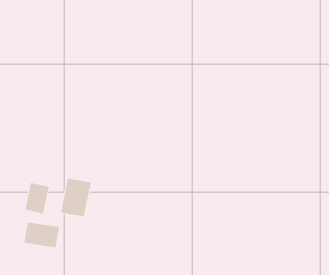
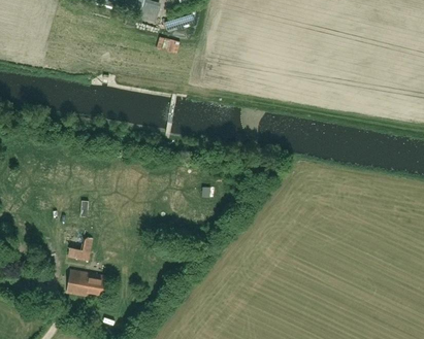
building: [61,178,91,217] -> none

